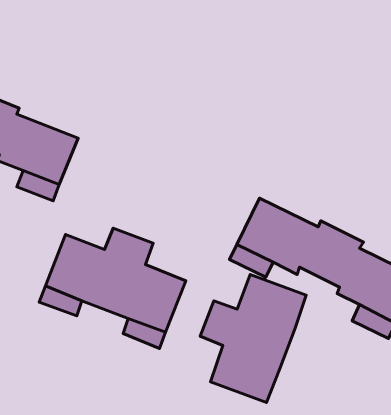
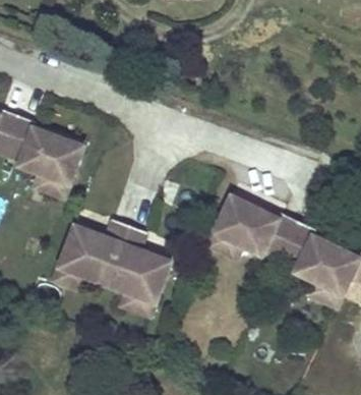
building: [200,274,306,402] -> none

